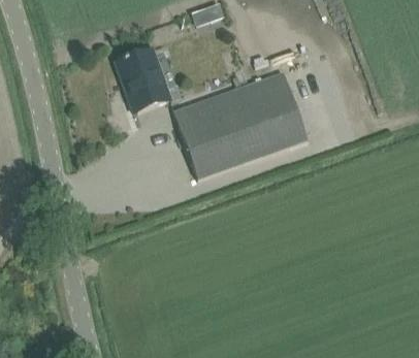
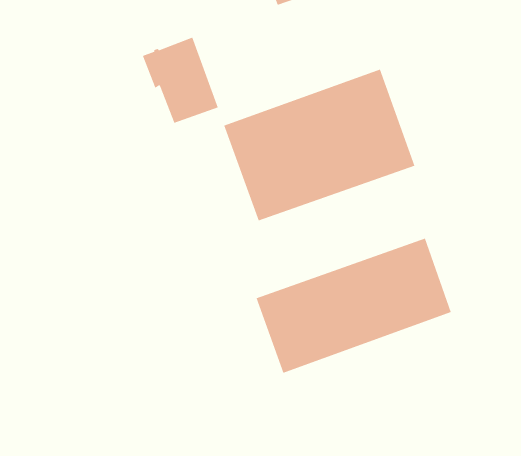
building: none -> [256,237,452,374]

